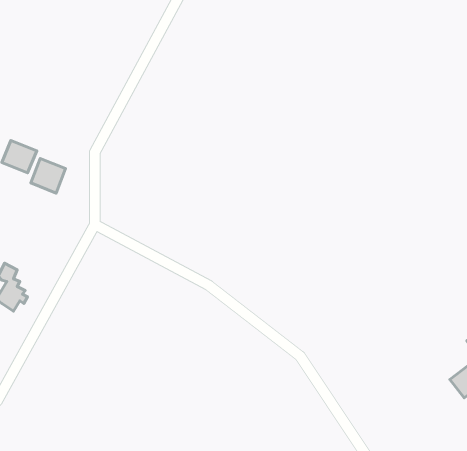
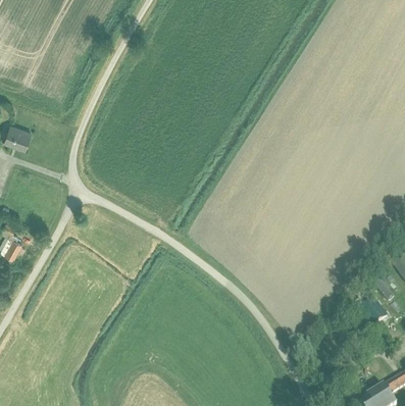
building: [31,158,66,193] -> none

